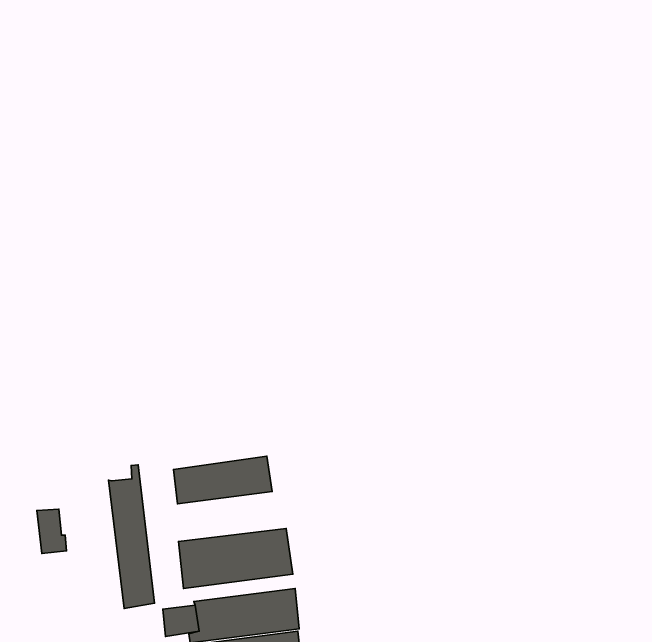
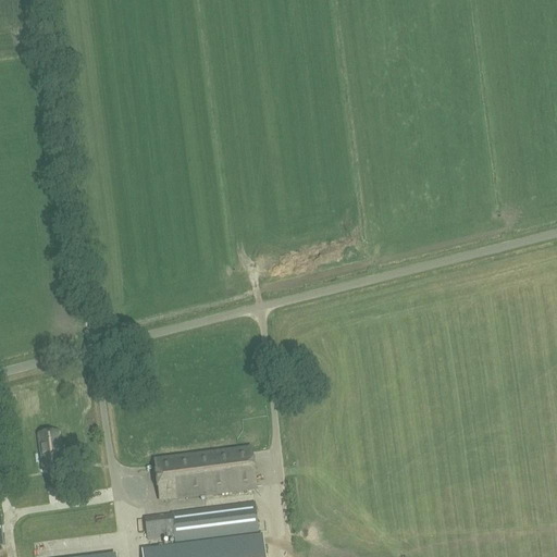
building: [174,456,272,504] -> none
building: [109,465,155,608] -> none

